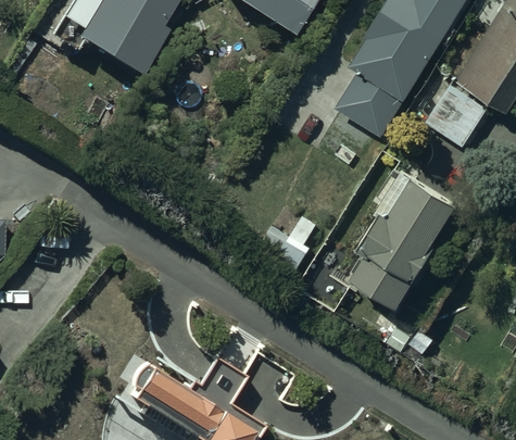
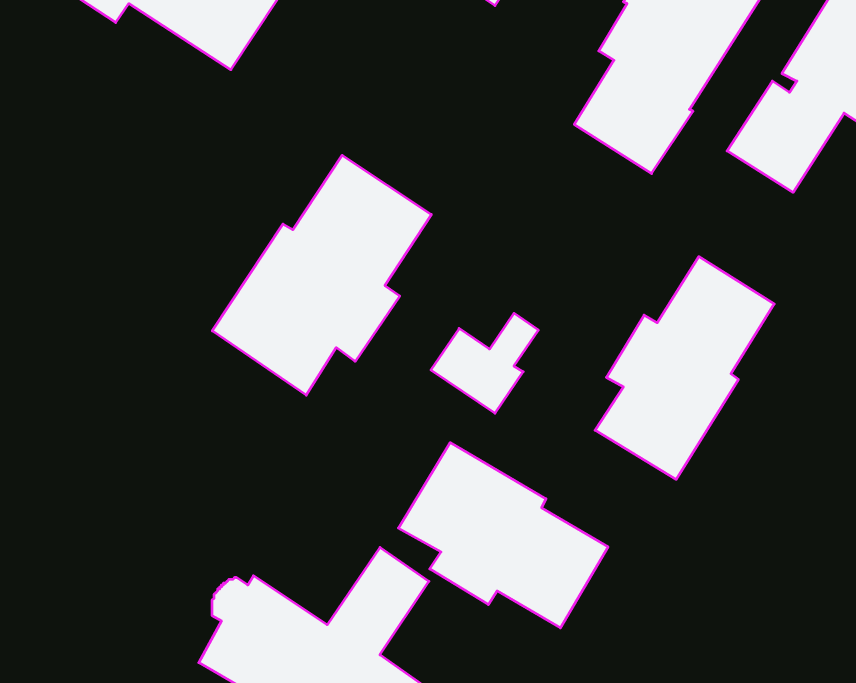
building: none -> [212,155,431,395]
building: none -> [398,443,608,628]

